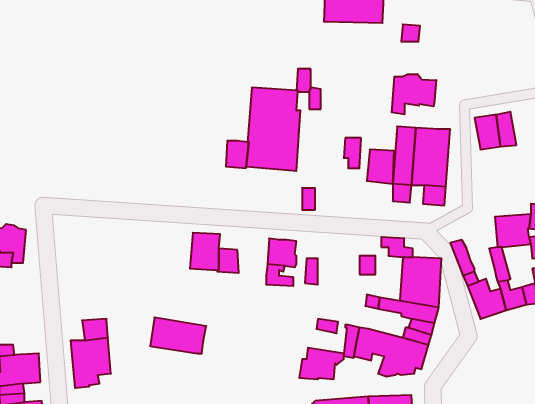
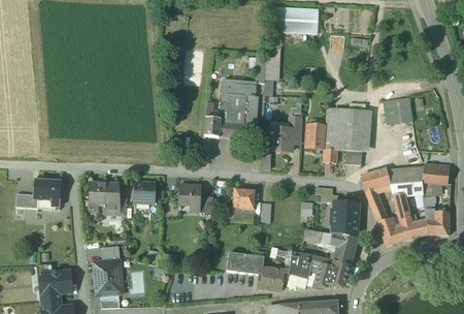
building: [392,74,436,114] -> none
building: none -> [269,127,292,151]
building: none -> [361,168,390,191]
building: none -> [88,182,120,213]
building: none -> [134,182,155,202]
building: [150,317,206,353] -> [225,249,265,275]

